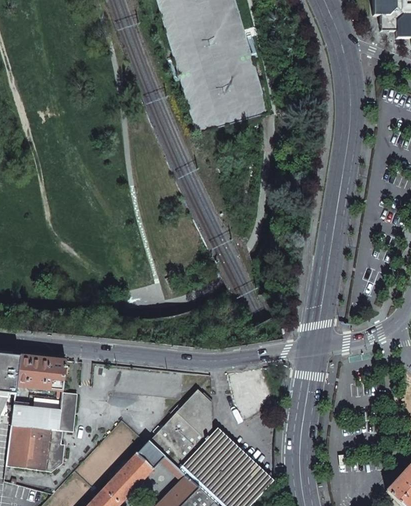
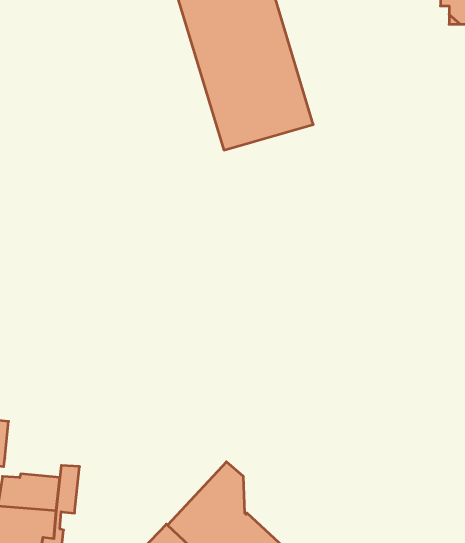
building: [17,354,66,401] -> none

